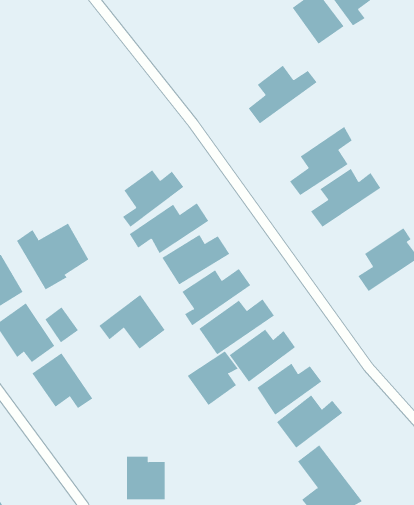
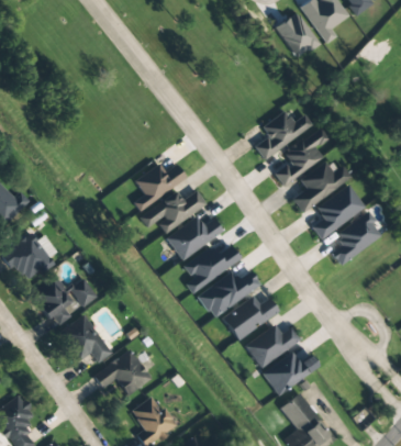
building: [248,65,317,124] -> [255,110,313,159]
building: none -> [312,185,367,239]
building: [16,223,89,290] -> none
building: [98,294,166,349] -> [94,349,151,395]
building: [187,350,238,406] -> none

